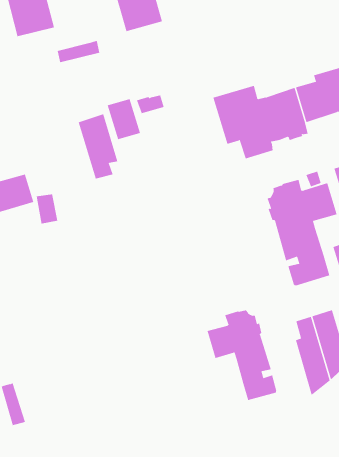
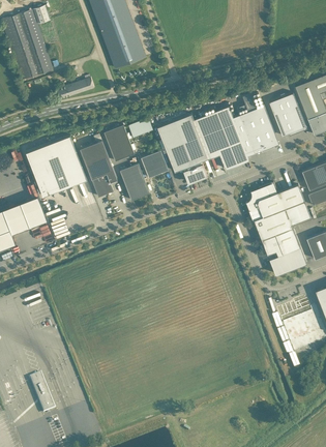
building: none -> [156,114,208,183]
building: none -> [25,136,86,197]
building: none -> [140,150,168,178]
building: none -> [119,165,149,201]
building: [207,308,277,401] -> none

